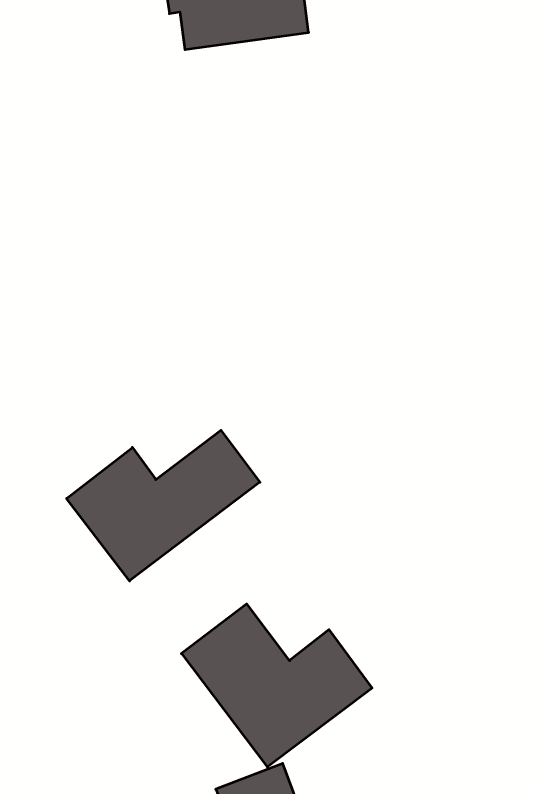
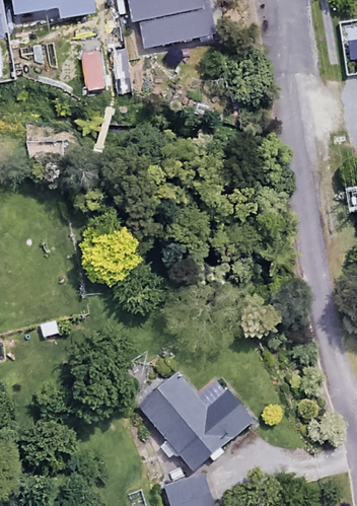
building: [67,430,260,581] -> none

